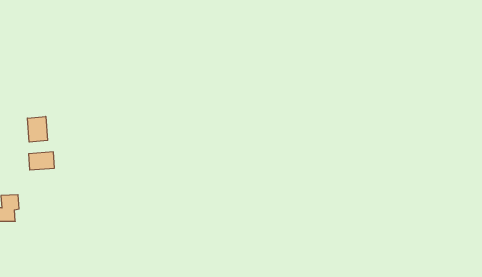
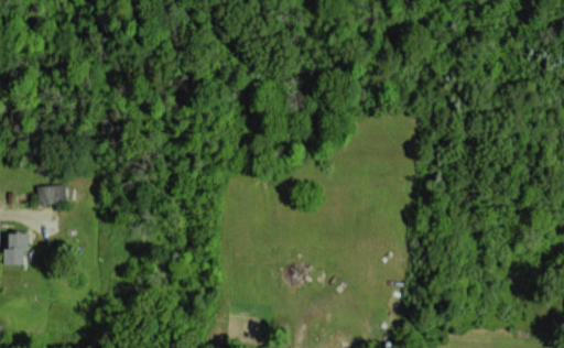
building: [27,116,48,142] -> none

